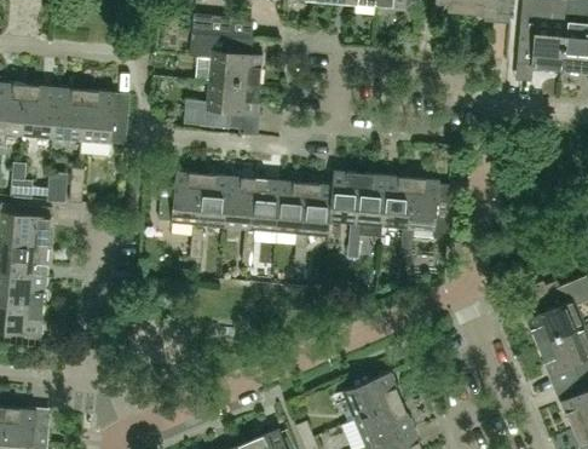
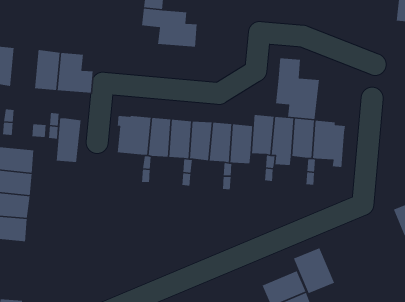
building: [183,81,259,127] -> none
building: [21,85,56,138] -> none
building: none -> [275,57,320,120]
building: none -> [56,117,82,163]
building: none -> [293,247,335,294]

